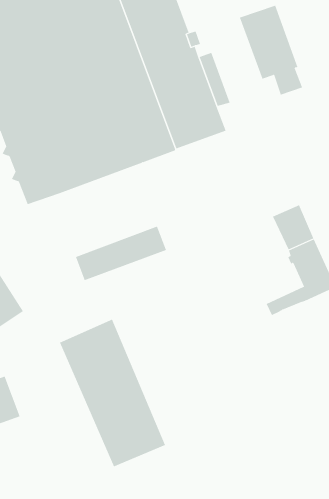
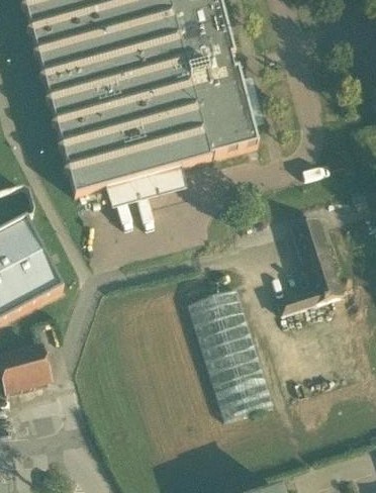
building: [239,5,303,96] -> none
building: [75,226,167,281] -> [103,165,185,207]
building: [59,319,166,467] -> [185,285,271,416]

